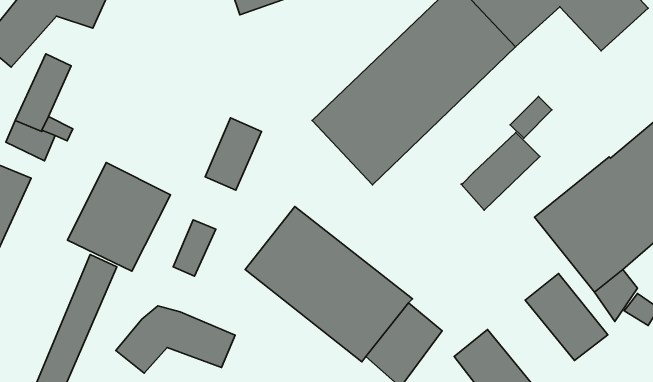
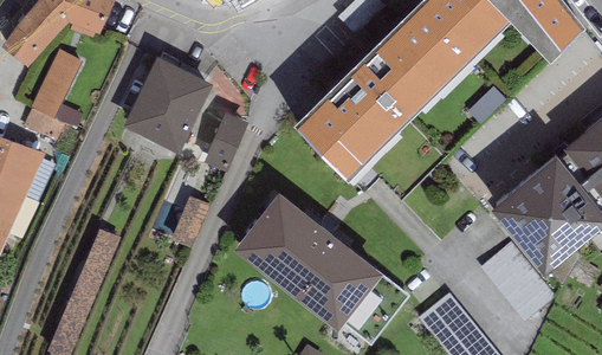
building: [461,132,540,210] -> none
building: [67,163,170,271] -> [122,53,213,149]
building: [116,306,235,373] -> none

